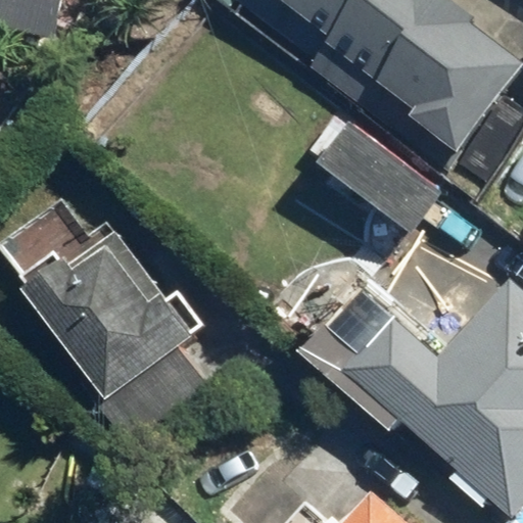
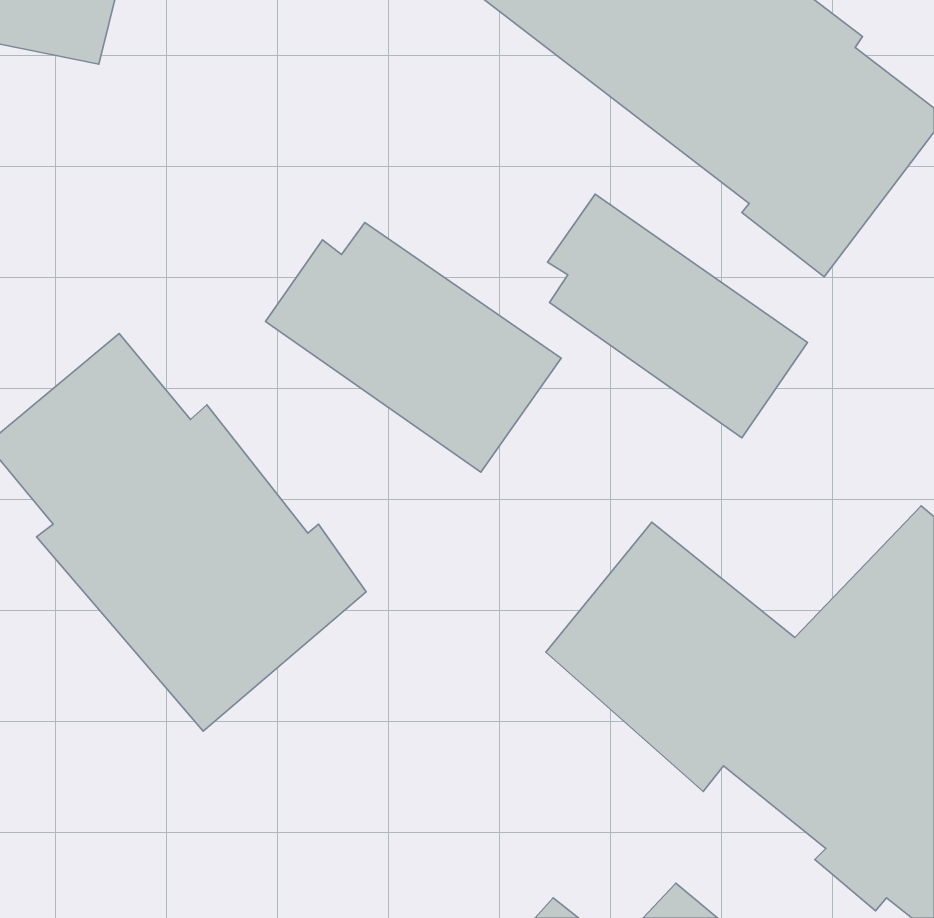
building: none -> [266,222,561,472]

